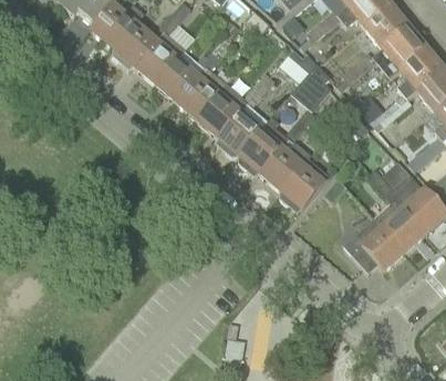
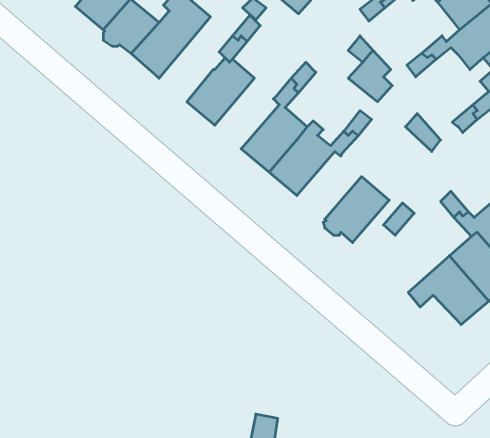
building: [155,38,196,102] -> none
building: [197,84,246,137] -> none
building: [259,139,310,190] -> none

